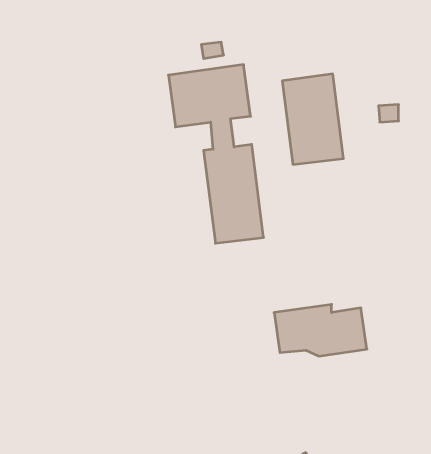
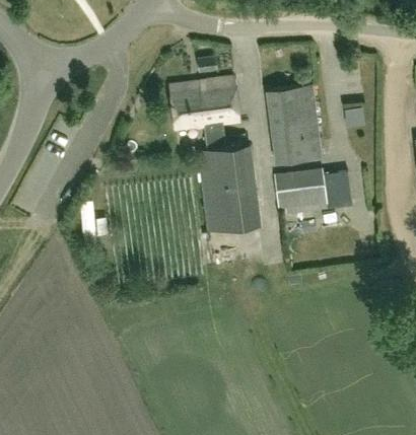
building: [274,304,367,356] -> [273,167,353,212]

